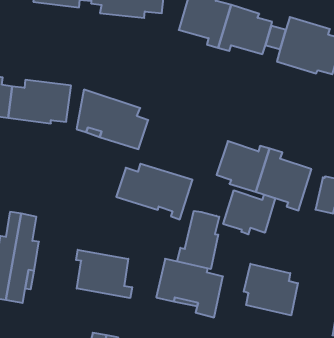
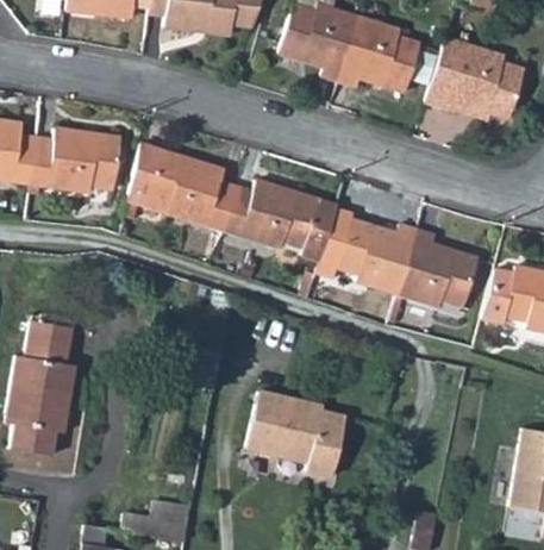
building: [116,164,193,219] -> [221,181,334,263]
building: [223,190,275,234] -> none
building: [177,211,219,269] -> none
building: [76,250,132,298] -> none
building: [244,264,298,315] -> none

